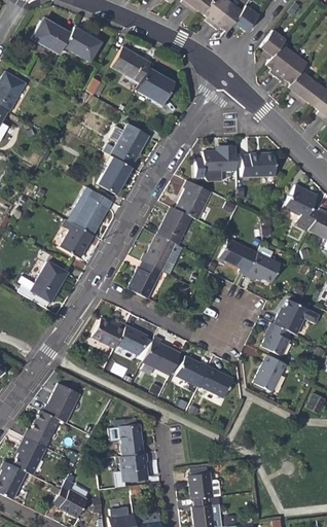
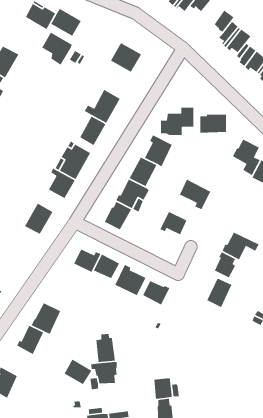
building: [113,47,151,89] -> [41,32,73,66]
building: [246,250,280,280] -> [159,211,187,236]
building: [198,364,233,397] -> none
building: [11,434,44,473] -> none
building: [52,485,87,517] -> [64,359,93,385]

